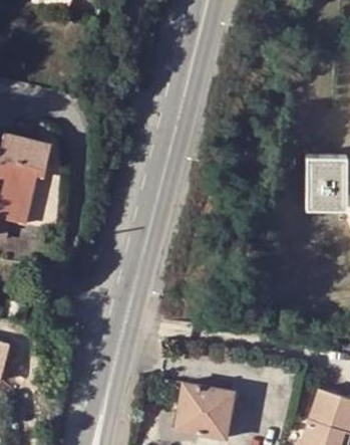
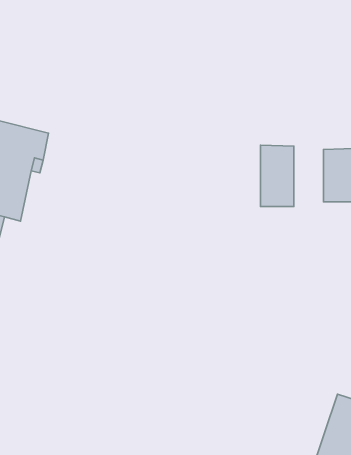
building: none -> [260,145,294,207]
building: [174,381,234,438] -> none

